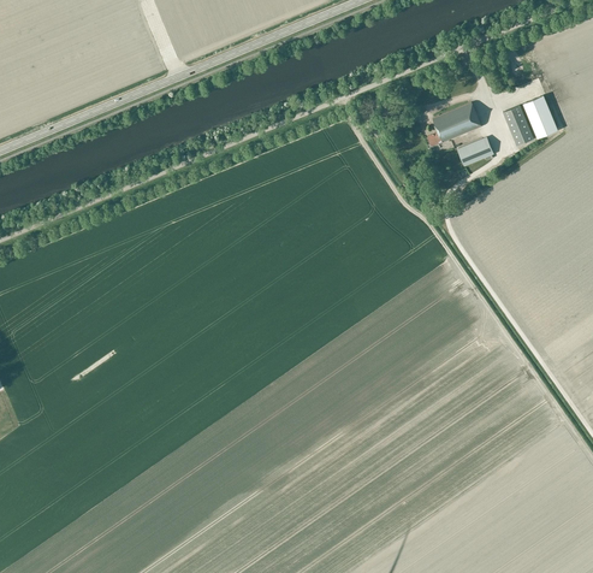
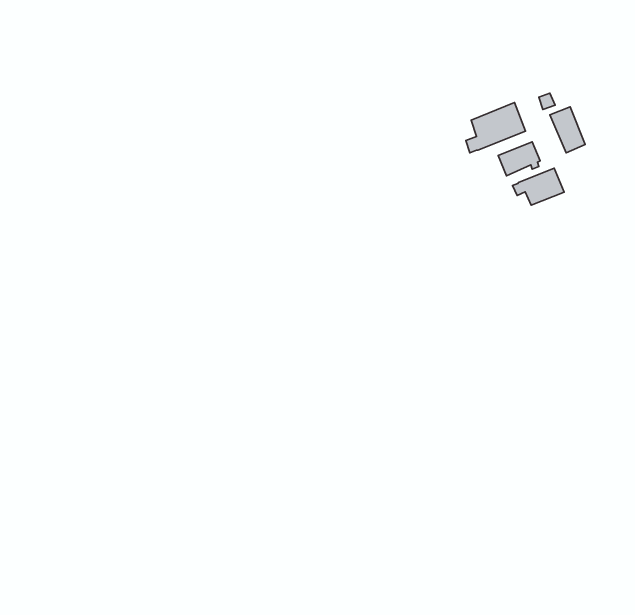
building: [522,95,557,137] -> none
building: none -> [513,168,564,205]

